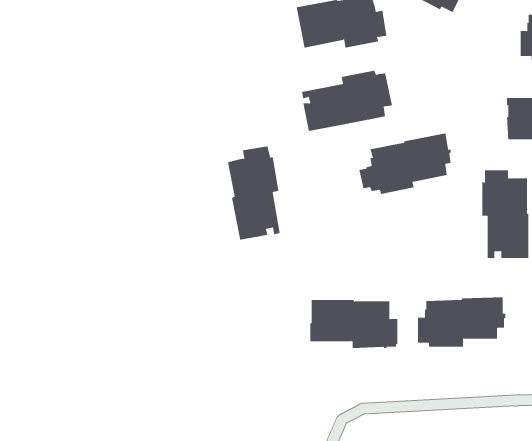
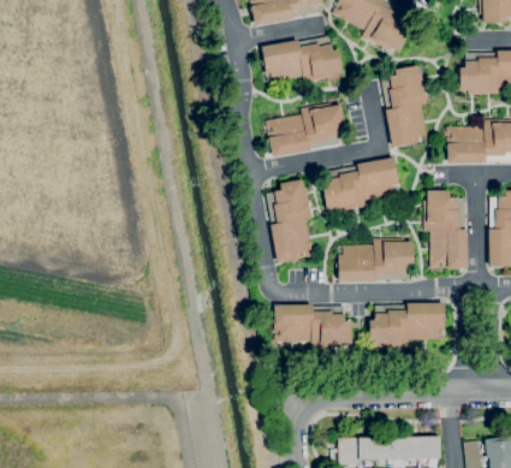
building: none -> [382,65,428,147]
building: [227,146,280,240] -> [267,179,314,262]
building: none -> [339,238,414,282]

